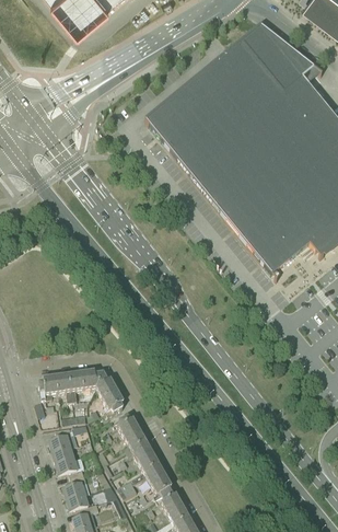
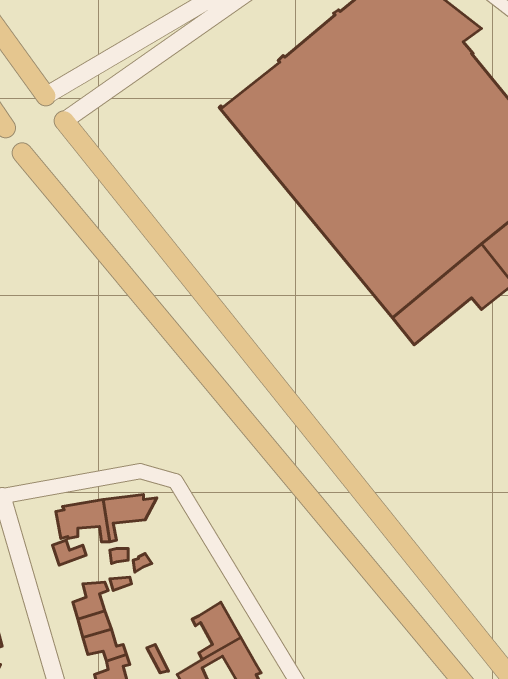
building: [96,372,124,415] -> none
building: [113,415,145,449] -> none

